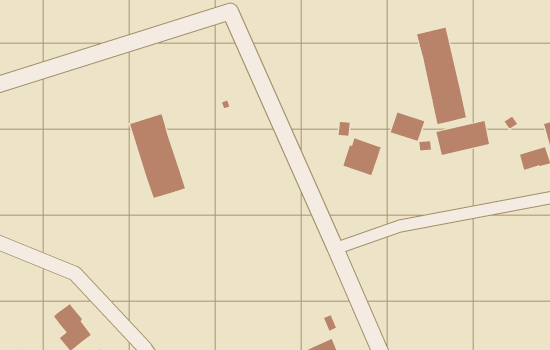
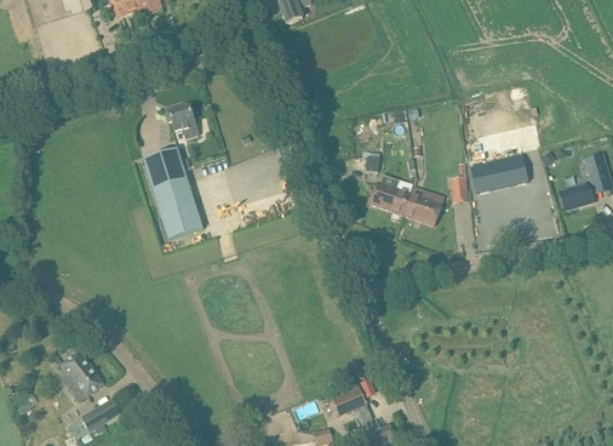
building: [417,27,467,125] -> none
building: none -> [165,104,199,138]
building: [390,112,425,141] -> [402,193,440,224]

